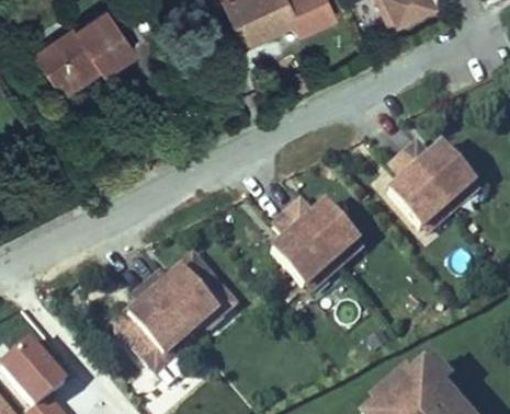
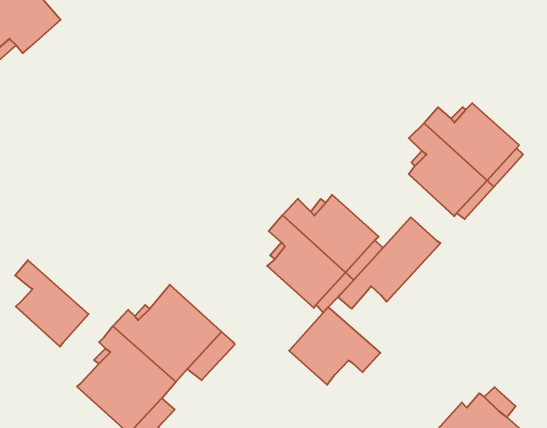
building: none -> [15,260,89,347]
building: none -> [338,217,440,309]
building: none -> [289,307,380,385]

